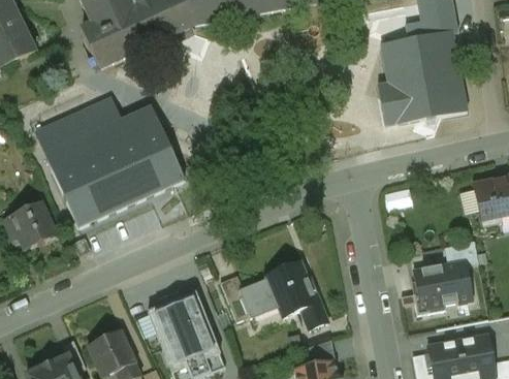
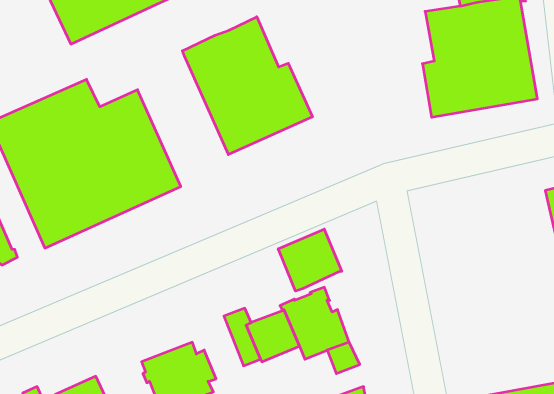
building: none -> [182,17,312,155]
building: none -> [278,229,342,291]
building: [401,259,473,313] -> none

